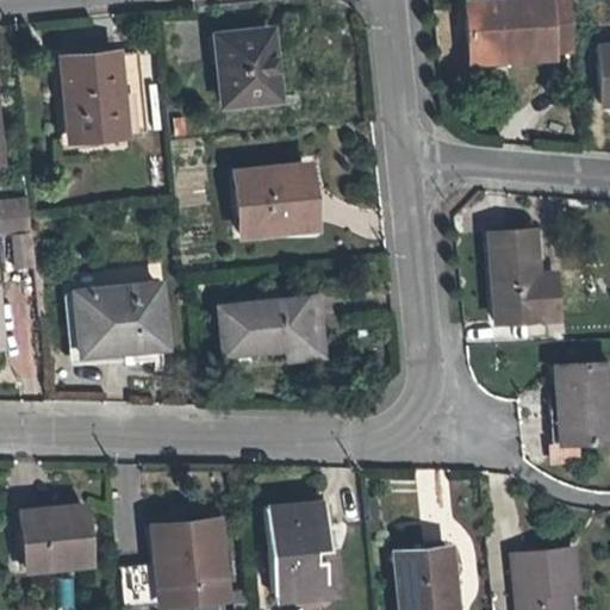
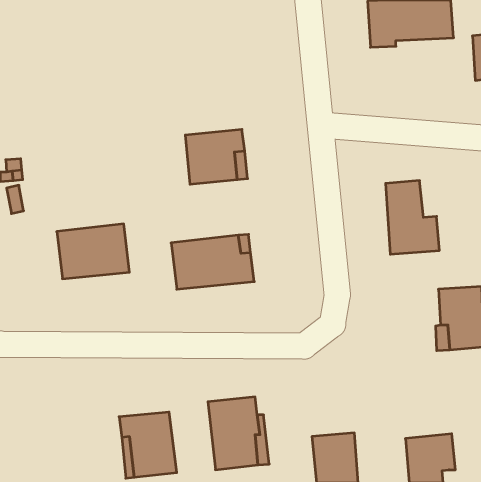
building: [218,31,286,104] -> none
building: [62,52,147,139] -> none
building: [19,504,89,569] -> none

